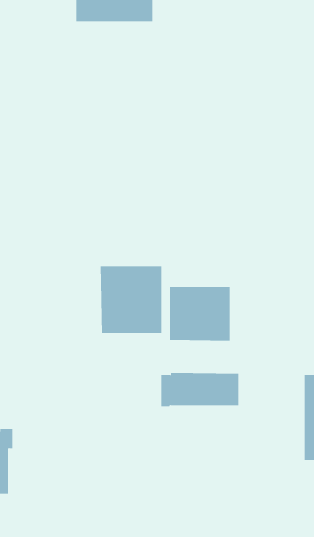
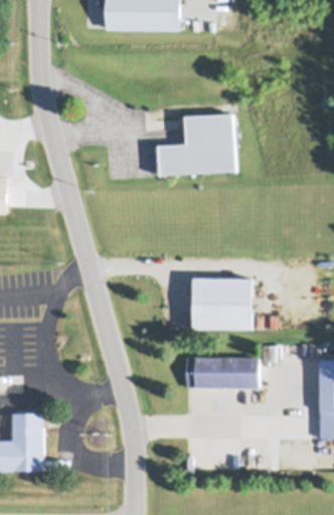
building: none -> [158,112,234,174]
building: [100,265,162,334] -> none

